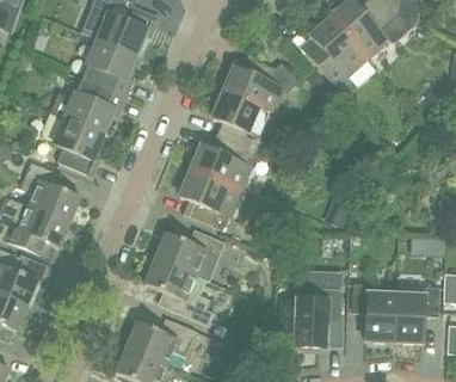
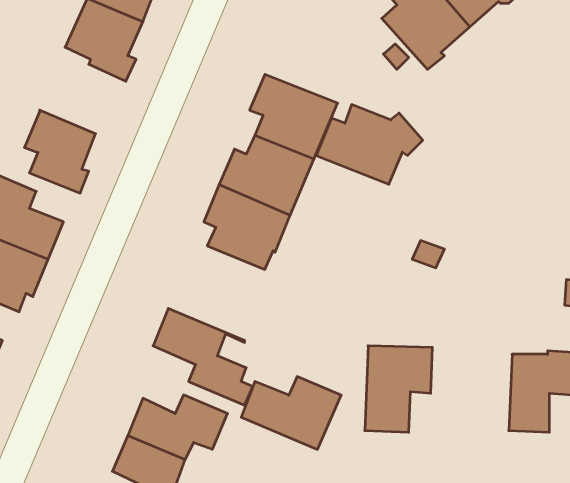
building: [222,56,297,112] -> [316,105,423,184]
building: [49,82,124,134] -> none
building: [154,228,224,279] -> [241,377,341,449]
building: [351,284,396,343] -> none

